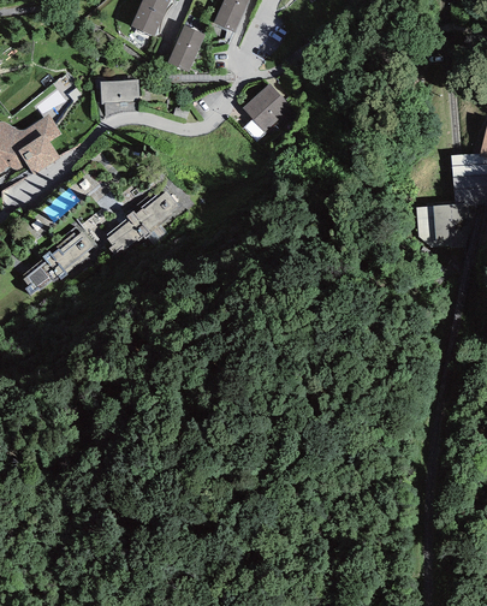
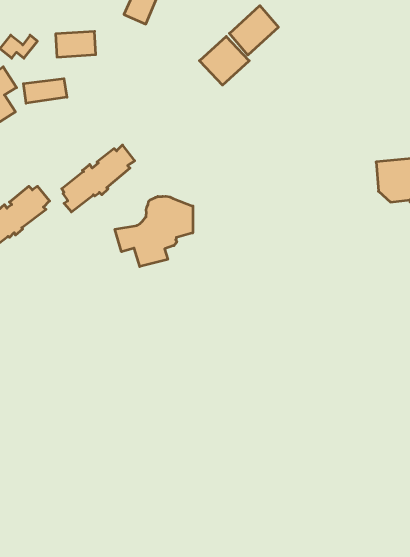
building: none -> [229,6,278,55]
building: none -> [23,79,67,103]
building: none -> [115,196,193,267]

